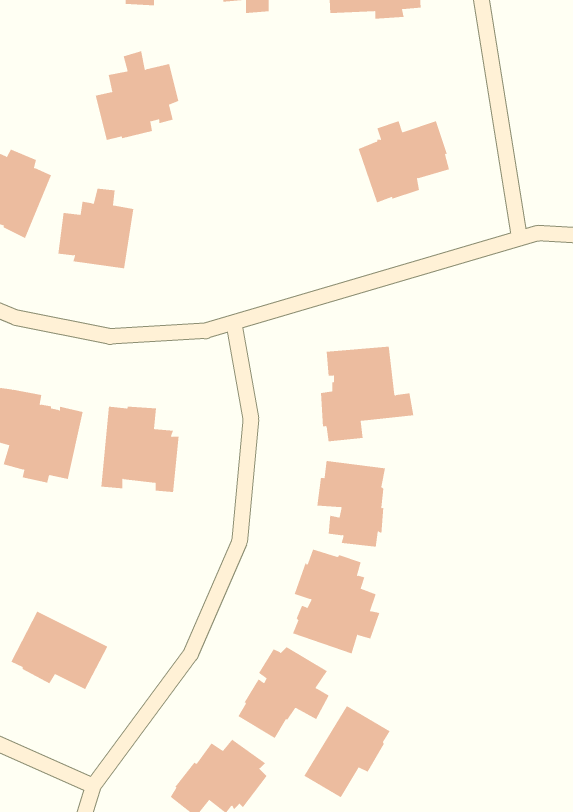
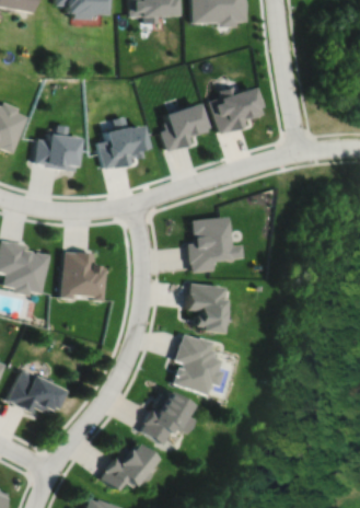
building: [95,50,179,141] -> [98,115,148,168]
building: none -> [162,101,209,150]
building: [303,705,390,798] -> none

